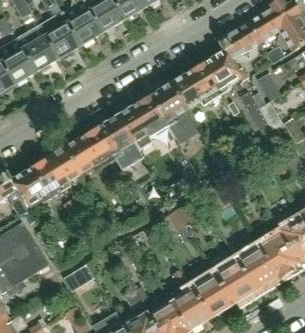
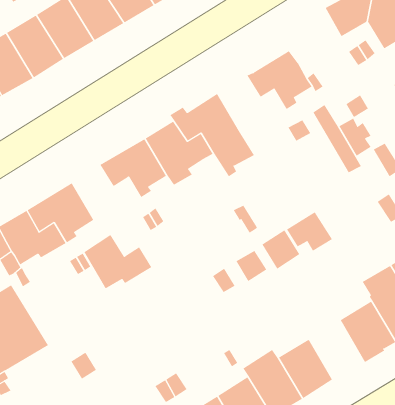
building: [218,20,261,60] -> none
building: [171,69,221,109] -> none
building: [65,134,115,174] -> [83,234,152,289]
building: [232,238,278,290] -> none

